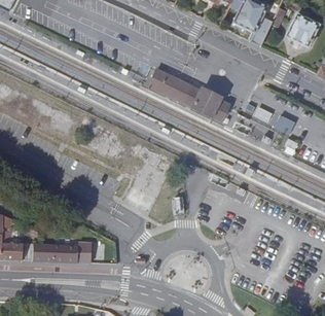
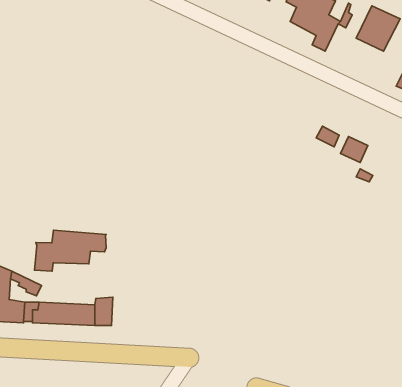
building: [150,68,231,120] -> none
building: none -> [35,230,106,271]

